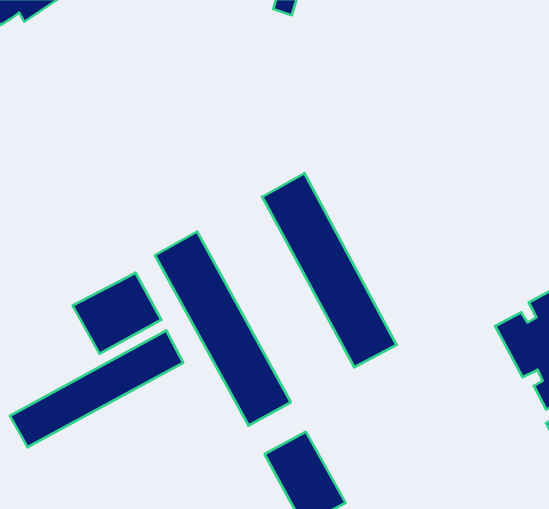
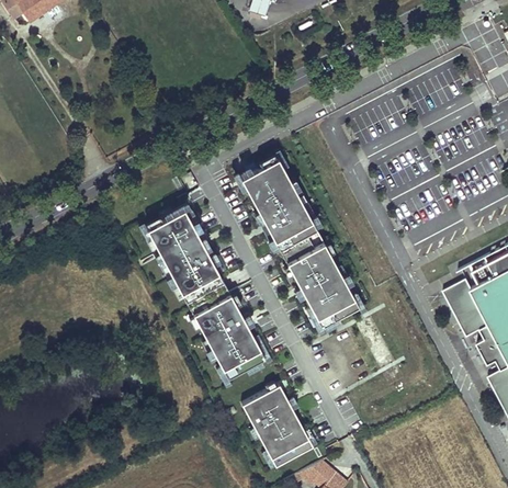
building: [73,273,161,354] -> none
building: [10,330,183,447] -> none

